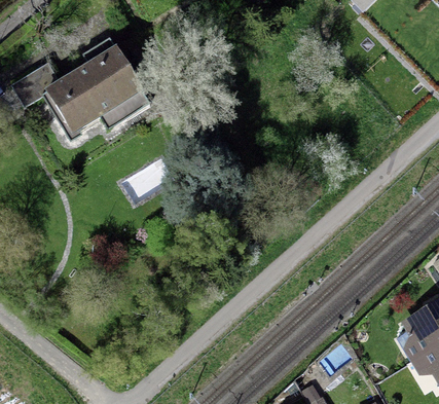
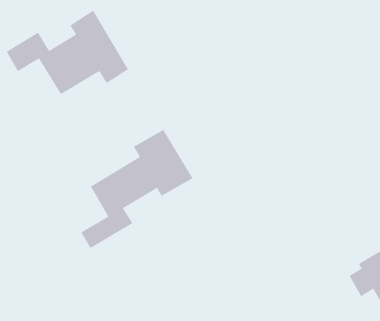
building: none -> [80,129,193,249]

